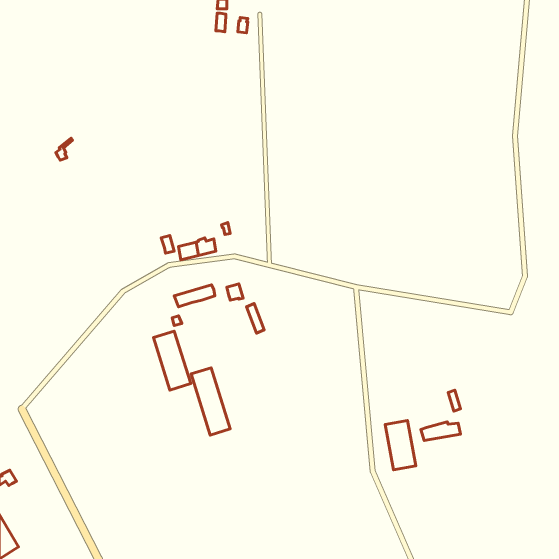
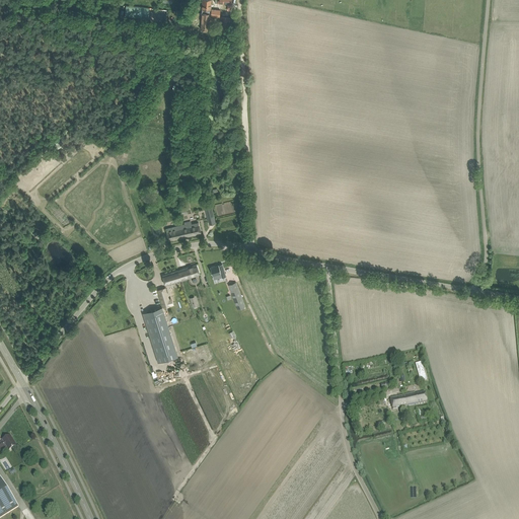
building: [191,368,230,435] -> none
building: [385,420,416,470] -> none

